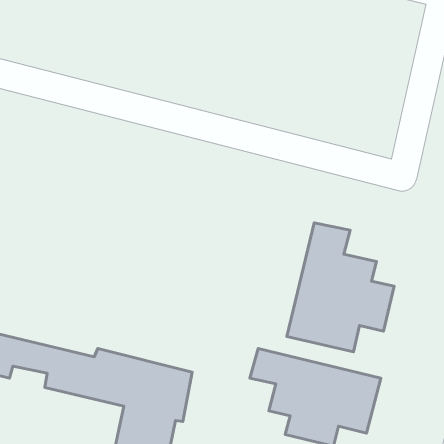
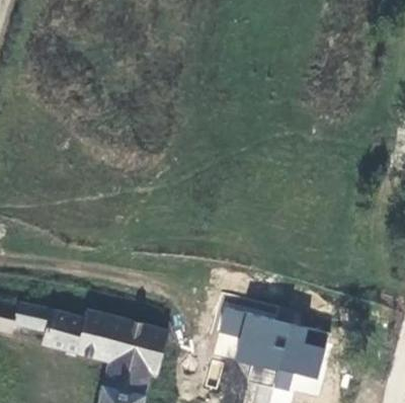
building: [287,223,394,352] -> none

